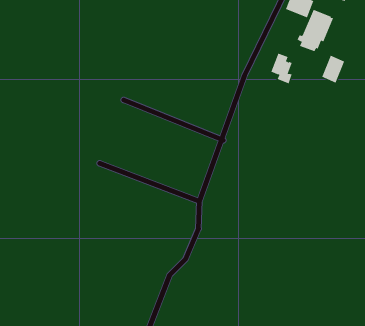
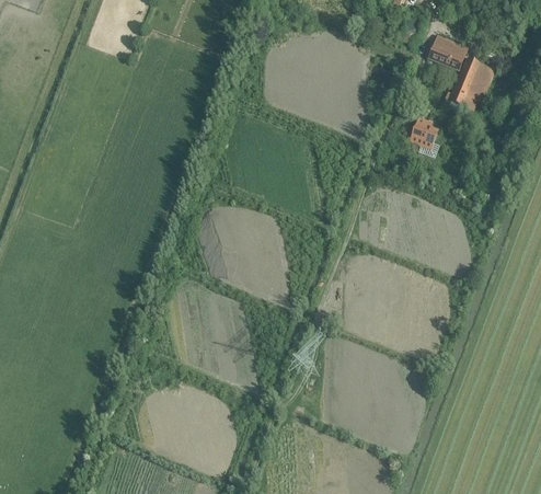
building: [321,55,345,83] -> none

